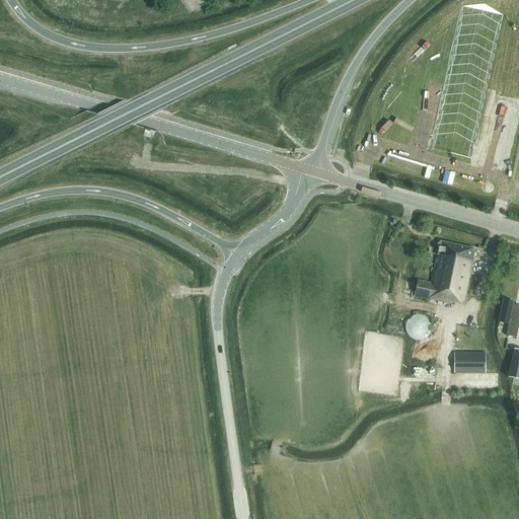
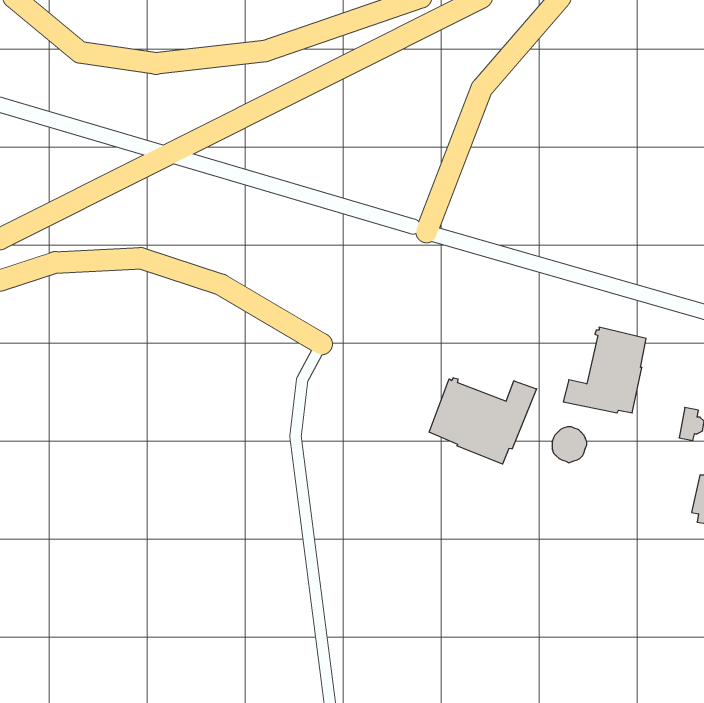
building: none -> [429,378,537,464]
building: [455,352,487,372] -> none

